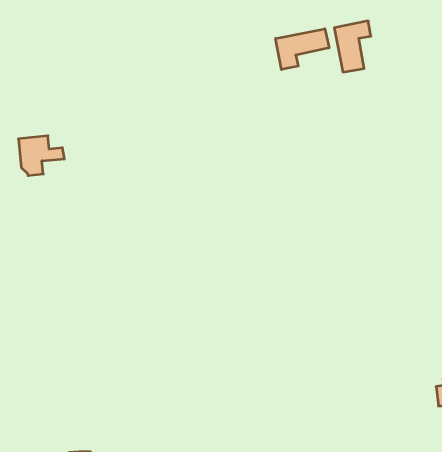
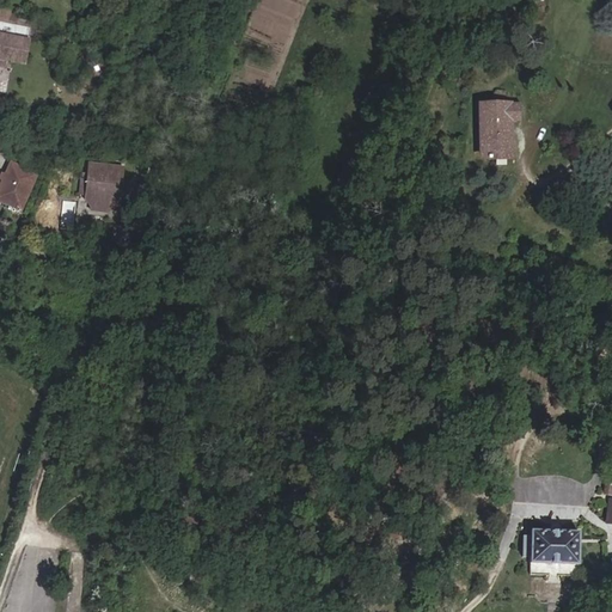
building: [276,29,329,70] -> none

